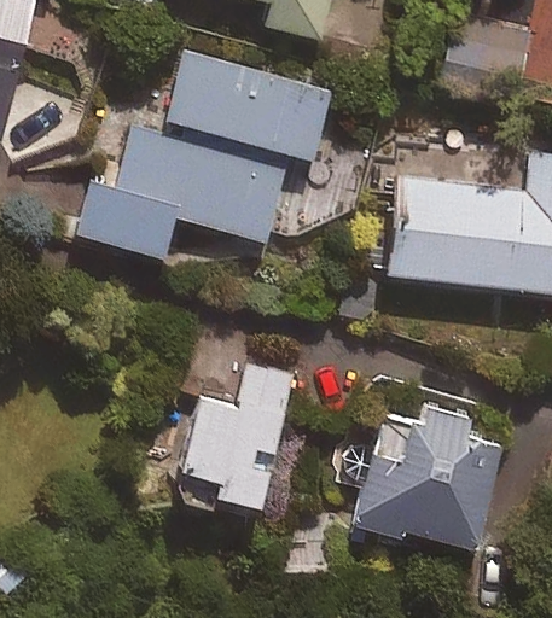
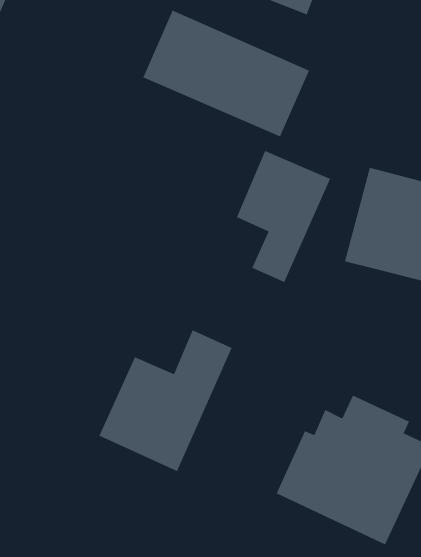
building: [75,124,287,258] -> none
building: none -> [236,150,331,283]

